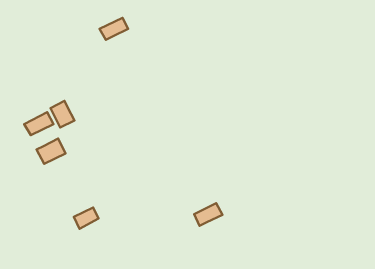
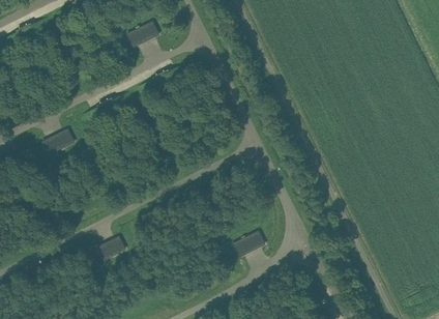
building: [51,101,75,127] -> none
building: [37,138,65,164] -> none

